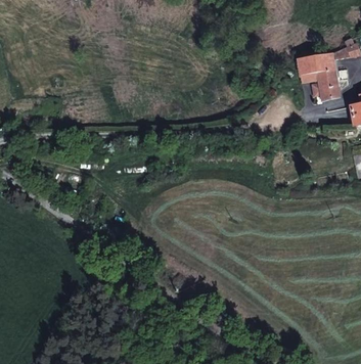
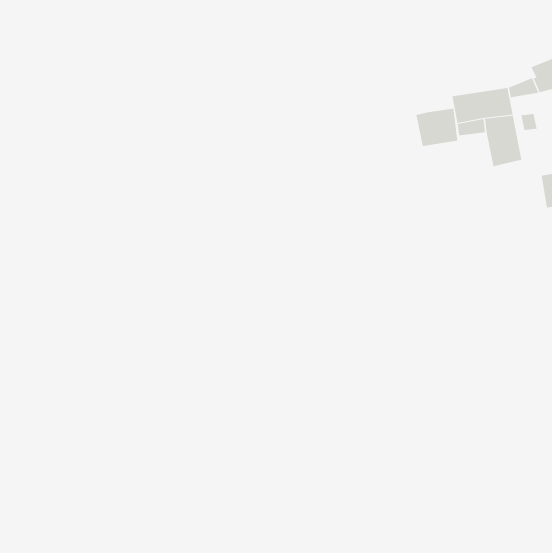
building: none -> [416,108,458,147]

